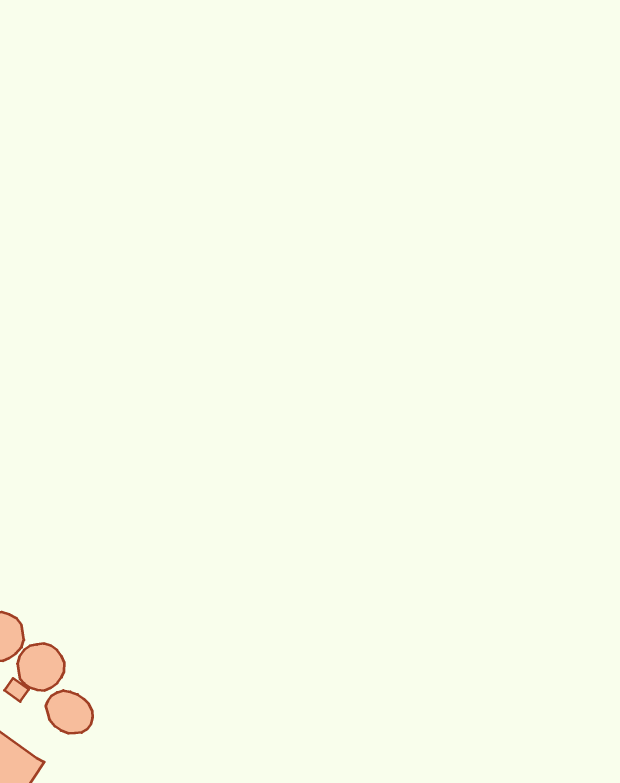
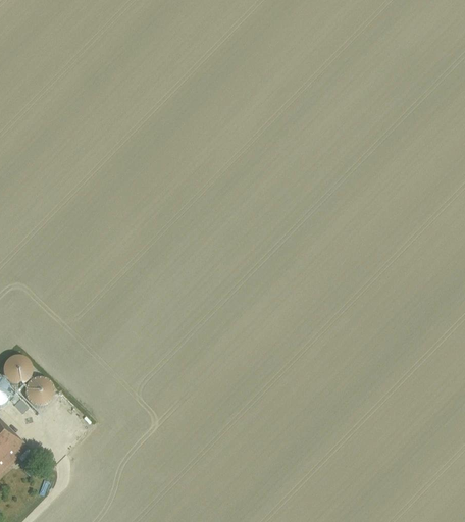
building: [46,690,92,733] -> none

